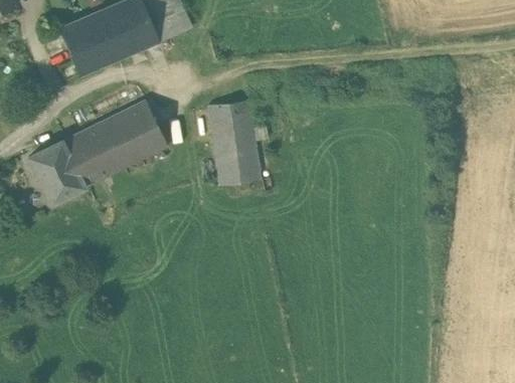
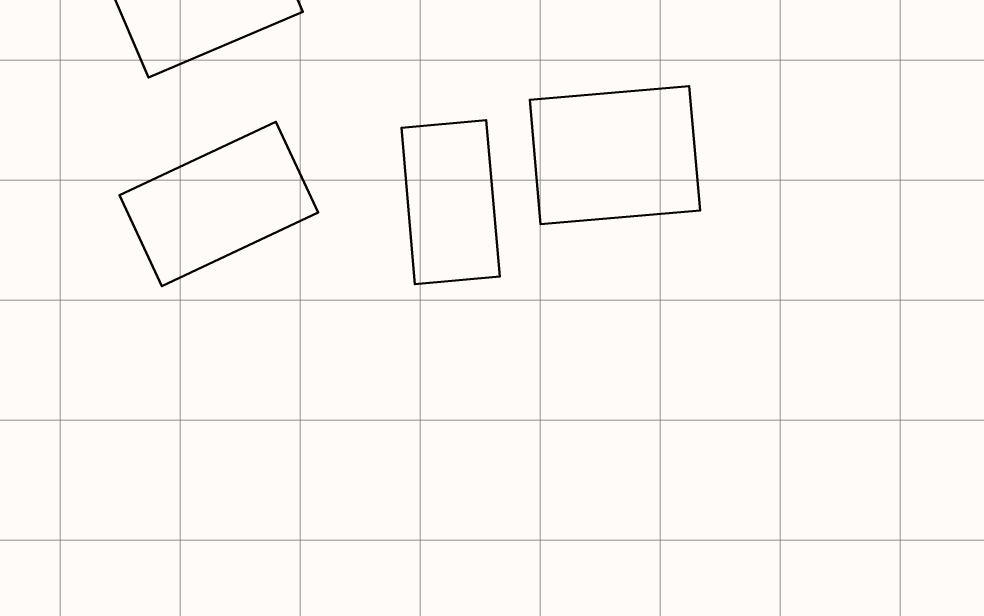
building: none -> [530,86,700,224]
building: [26,138,85,203] -> none

